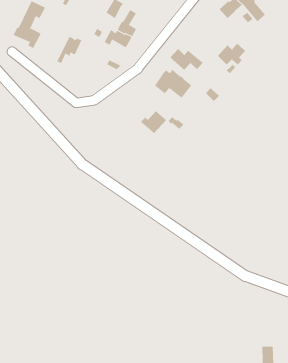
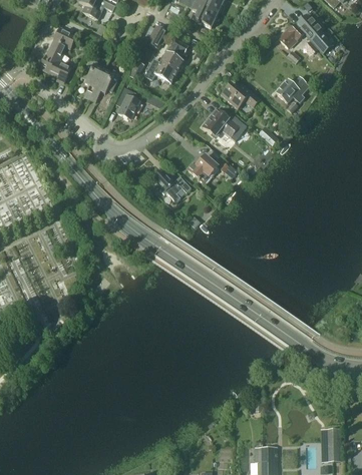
building: none -> [81,59,104,98]
building: none -> [118,87,139,119]
building: none -> [153,171,191,201]

